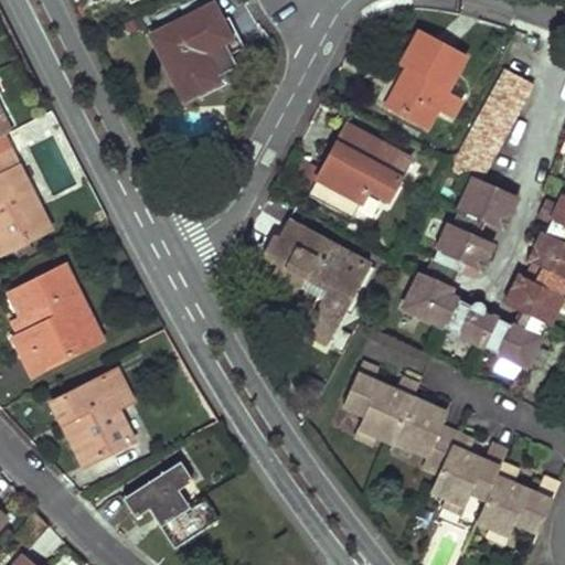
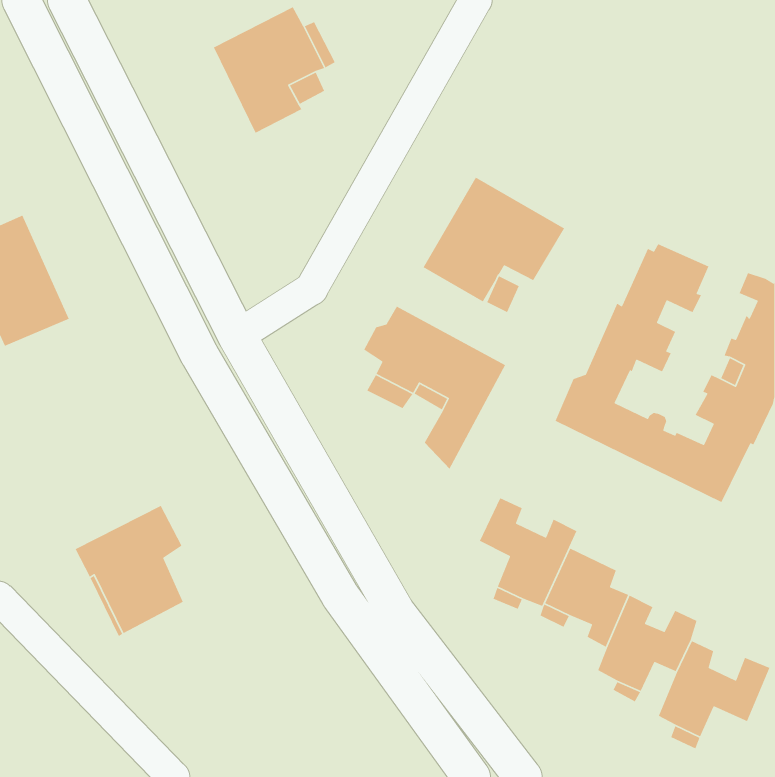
building: [384,31,463,126] -> none
building: [449,70,527,182] -> none
building: [11,266,98,372] -> none
building: [125,460,218,546] -> none

